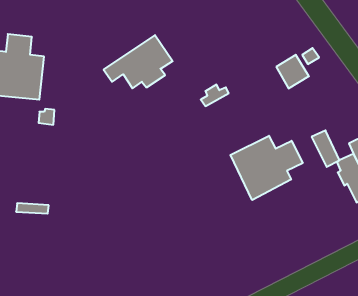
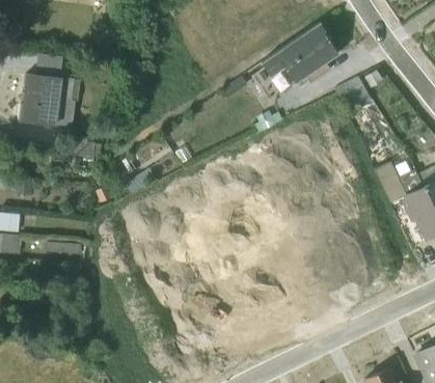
building: [104,35,173,88] -> [262,25,338,84]
building: [230,136,303,200] -> none

